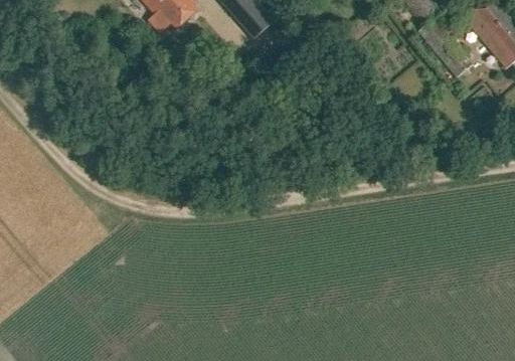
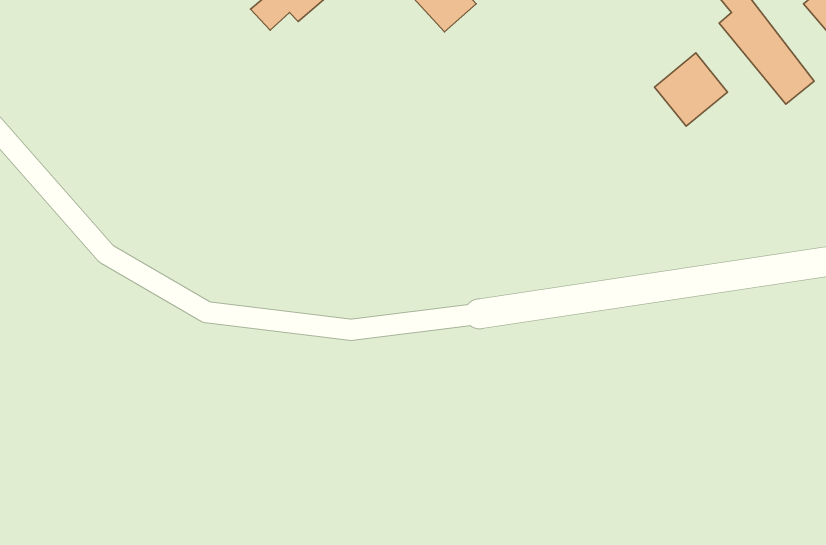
building: none -> [654,53,728,126]

